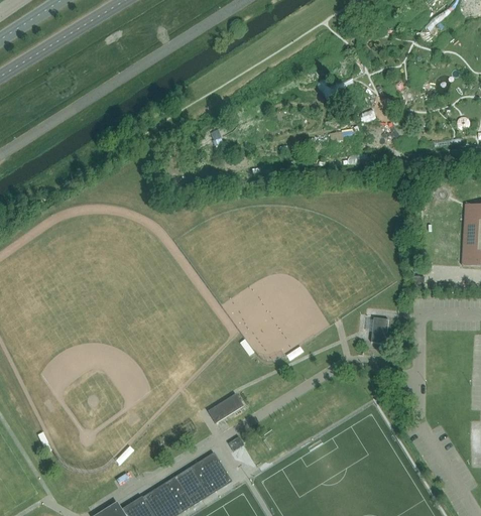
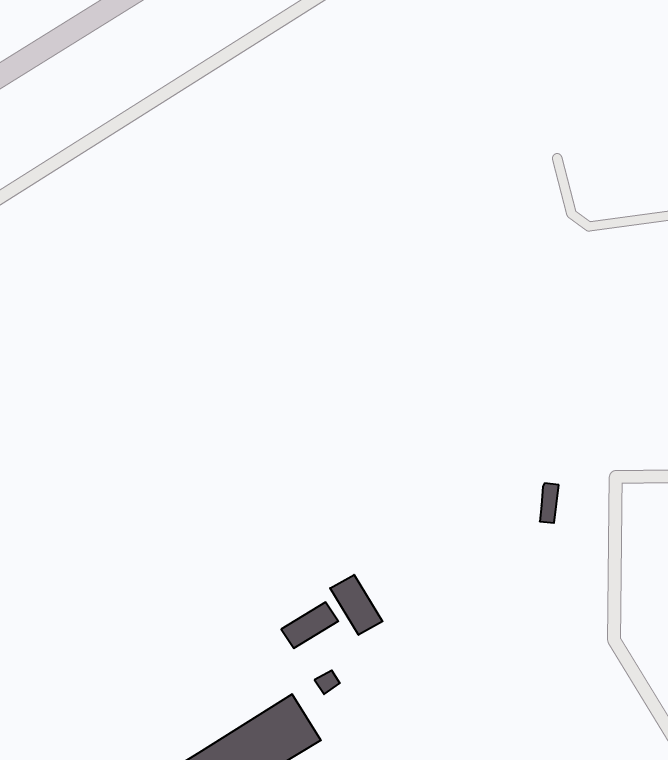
building: none -> [330,575,383,635]

